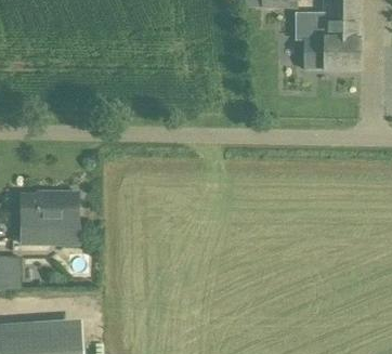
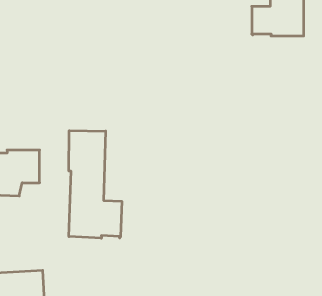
building: none -> [69,131,122,238]

